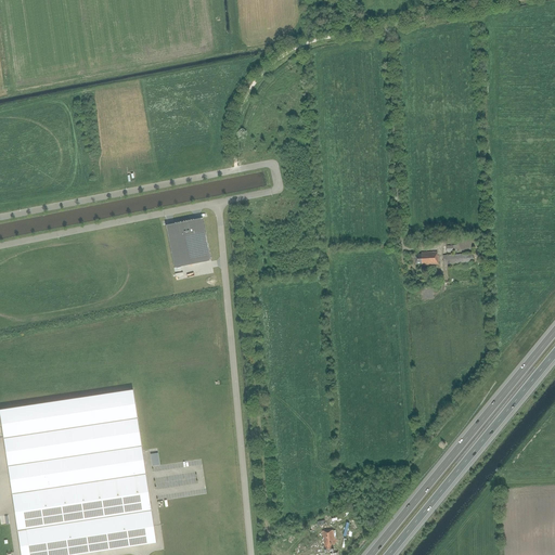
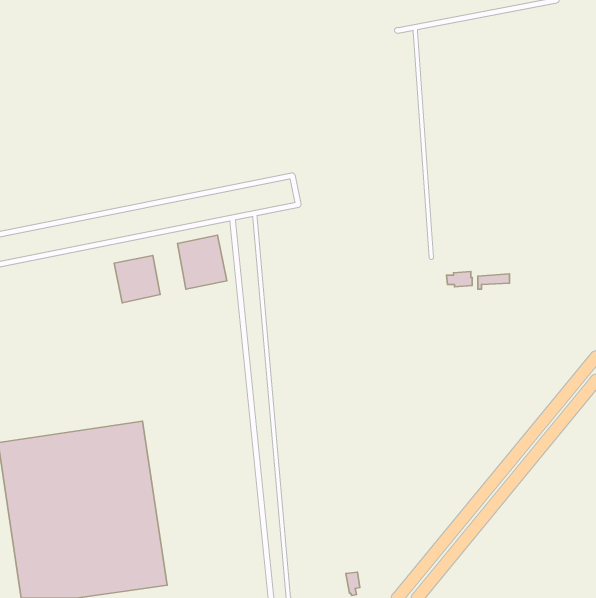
building: none -> [114,256,160,303]

